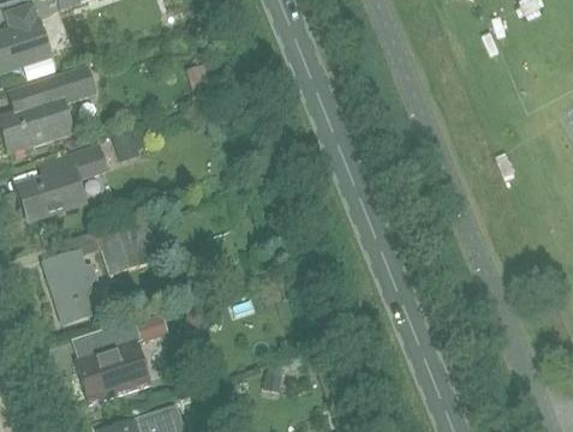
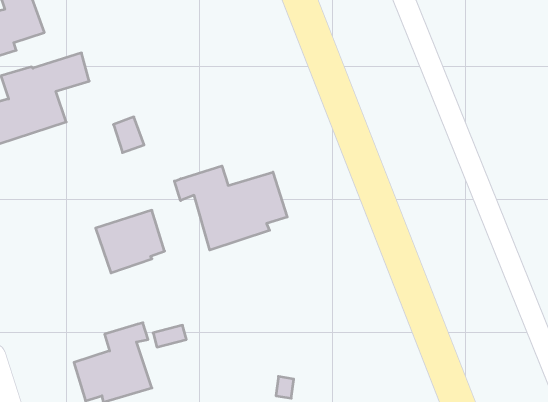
building: [20,145,107,218] -> none
building: none -> [174,166,287,250]
building: [43,251,97,323] -> none

